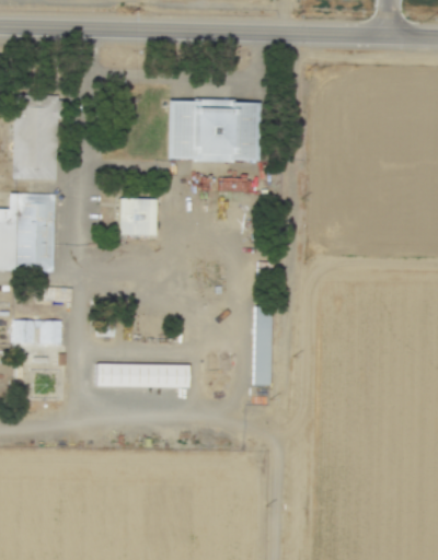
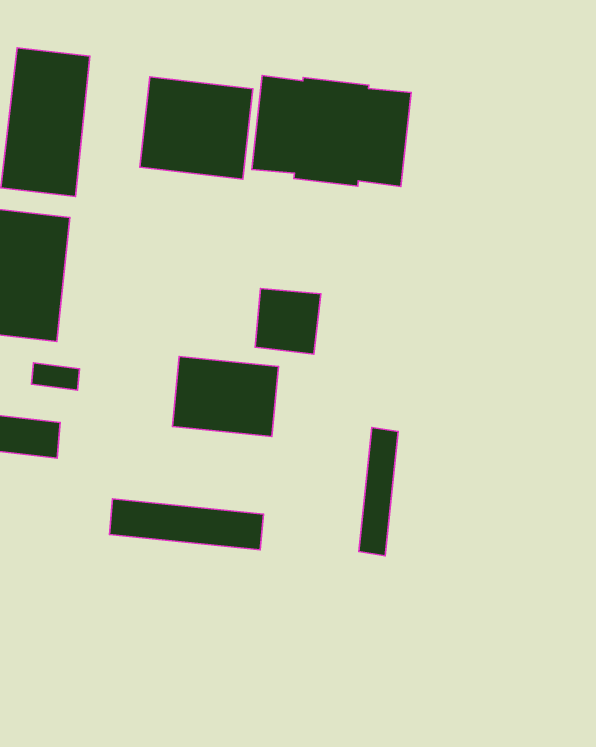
building: none -> [140,77,253,179]
building: [117,197,154,234] -> [255,288,321,354]
building: none -> [173,356,278,437]

